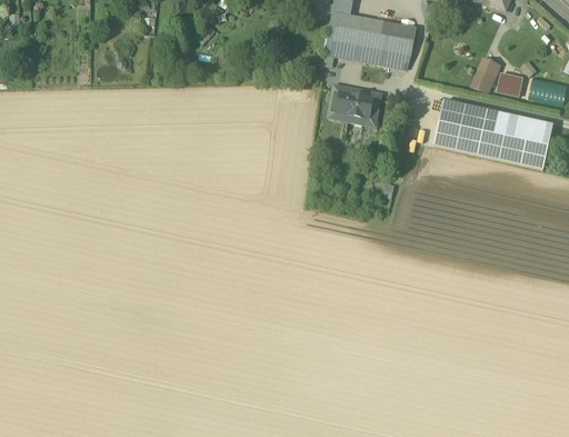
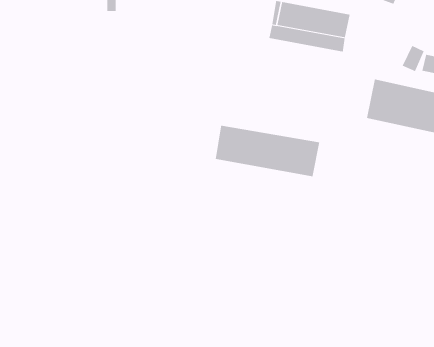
building: [336,90,379,121] -> none
building: none -> [215,125,320,177]

